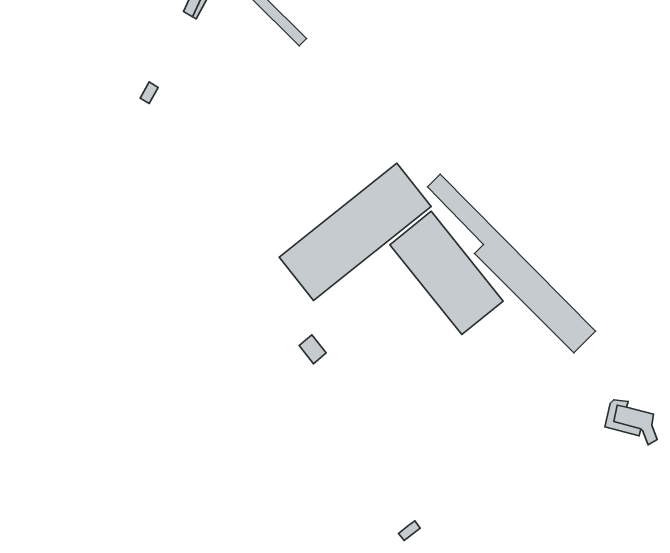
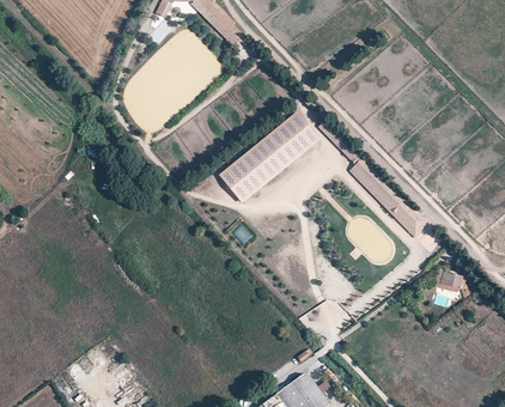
building: [390,211,503,335] -> none

